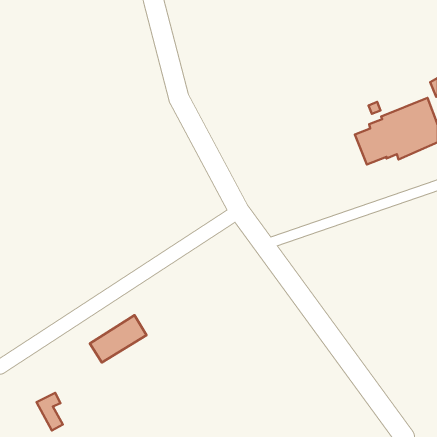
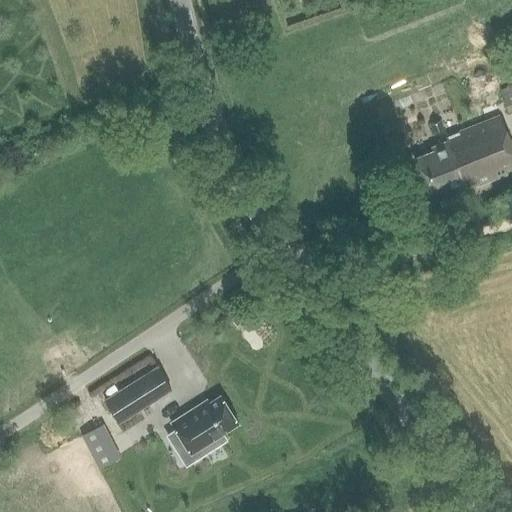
building: none -> [173,396,238,458]
building: [36,393,63,430] -> [82,423,113,467]

